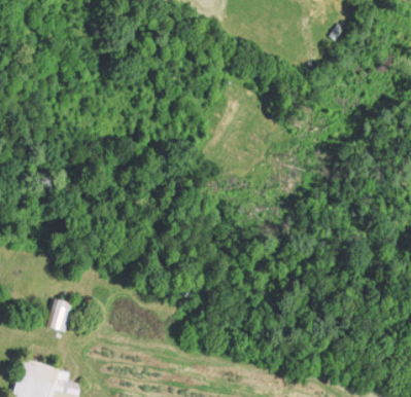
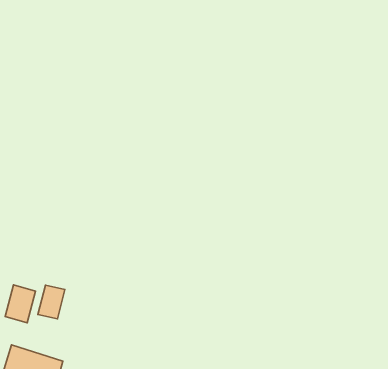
building: none -> [5,285,35,323]

